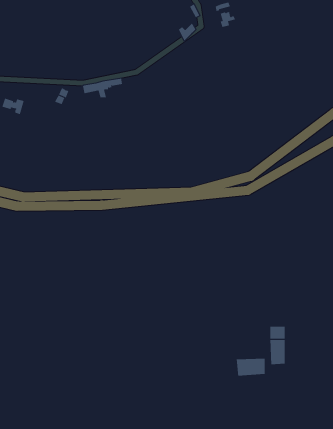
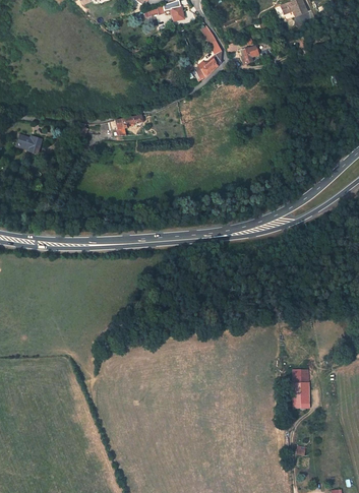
building: [236,358,265,377] -> none

